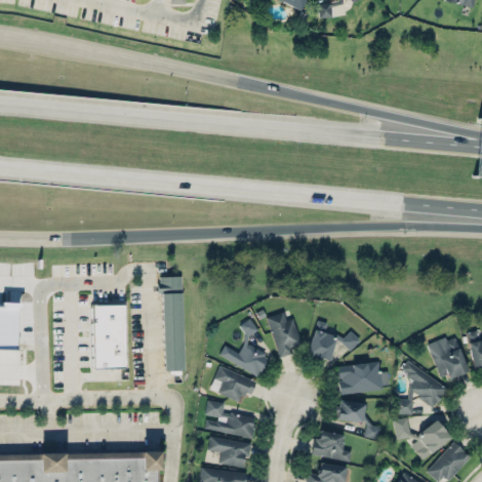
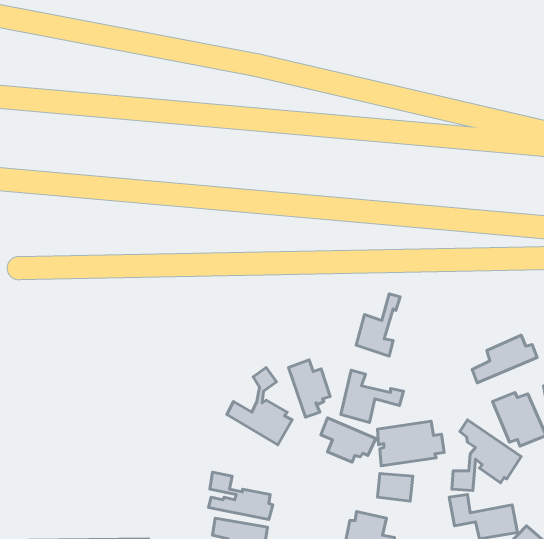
building: none -> [356,294,400,356]
building: [159,277,186,374] -> none
building: none -> [472,335,537,383]
building: [92,306,126,370] -> none
building: [214,366,257,401] -> [321,418,376,462]

